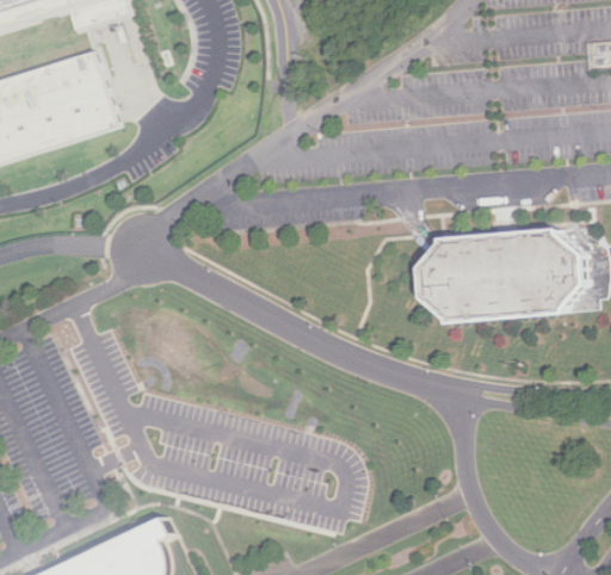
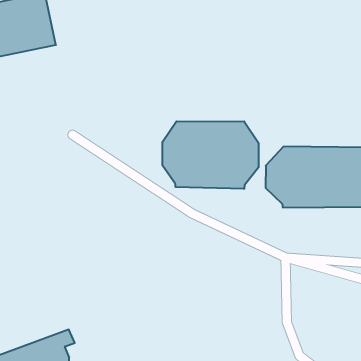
building: none -> [162,121,259,189]

